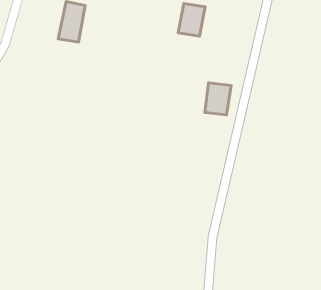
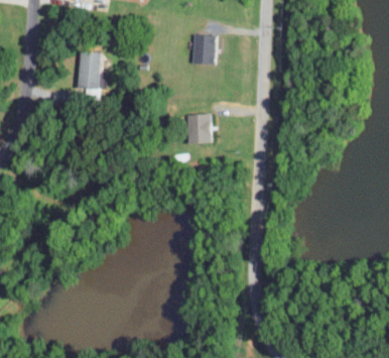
building: [205,83,231,115] -> [188,113,211,143]

